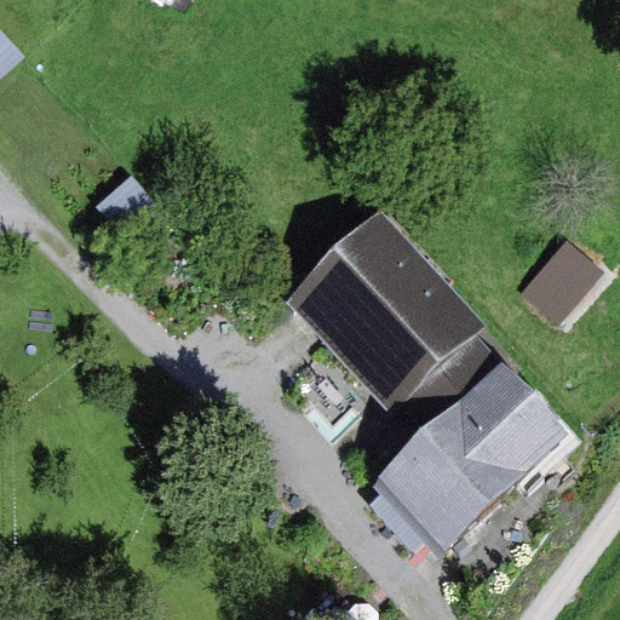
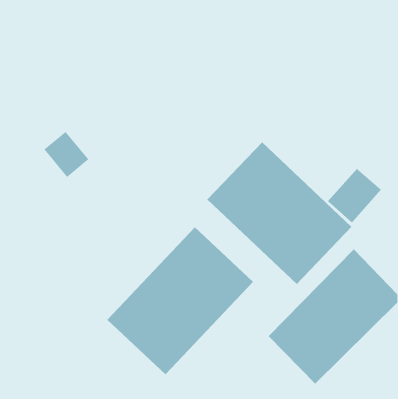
building: none -> [106,226,254,375]

